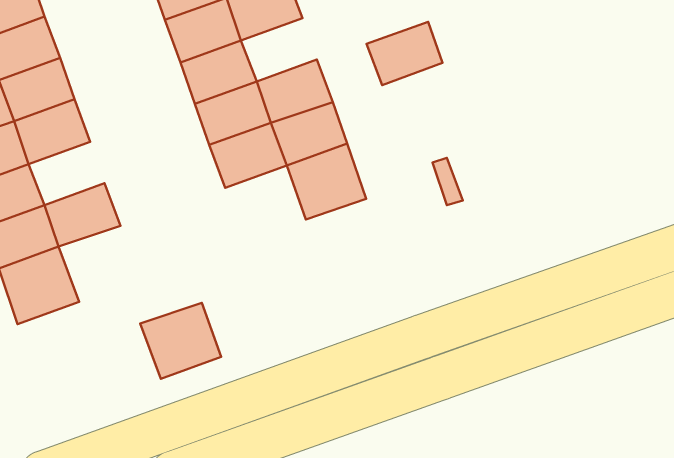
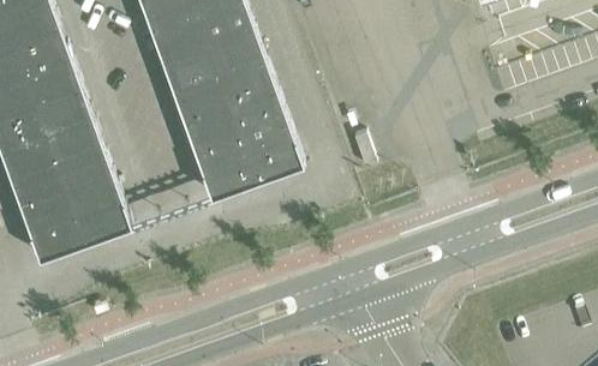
building: [366,22,442,85] -> [208,31,265,79]
building: none -> [47,125,104,173]
building: none -> [196,143,257,200]
building: [140,303,221,379] -> [70,188,131,246]

